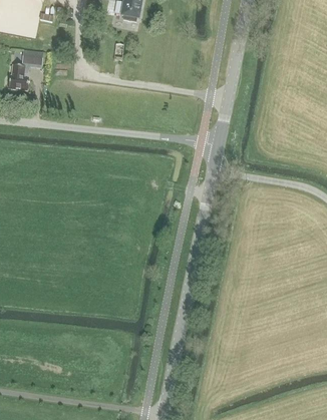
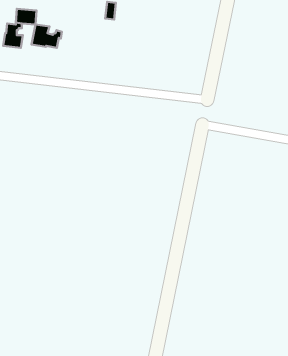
building: none -> [32,24,62,48]

